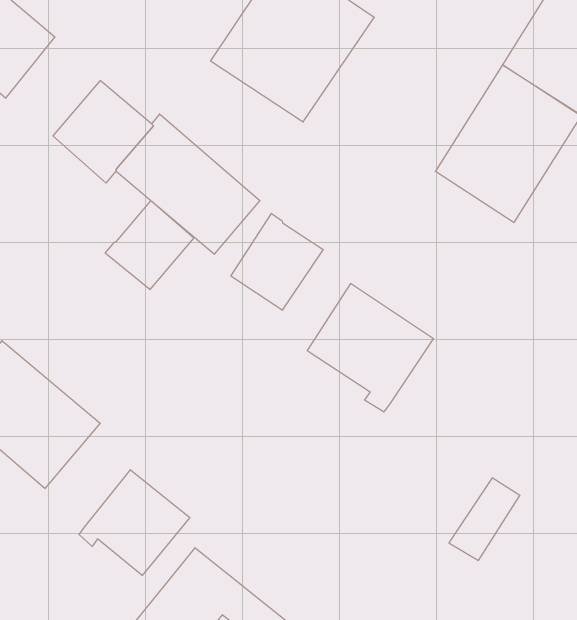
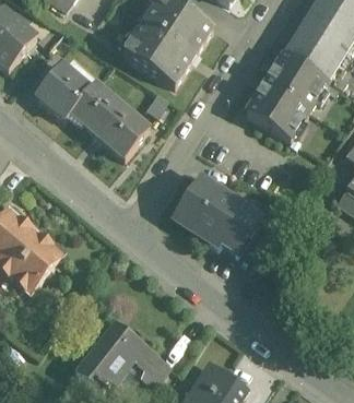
building: [105,201,194,290] -> none
building: [231,213,323,310] -> none
building: [79,470,190,575] -> none
building: [449,478,520,561] -> [222,205,261,251]

